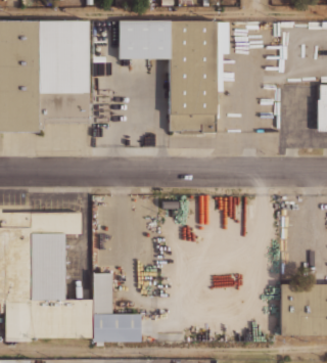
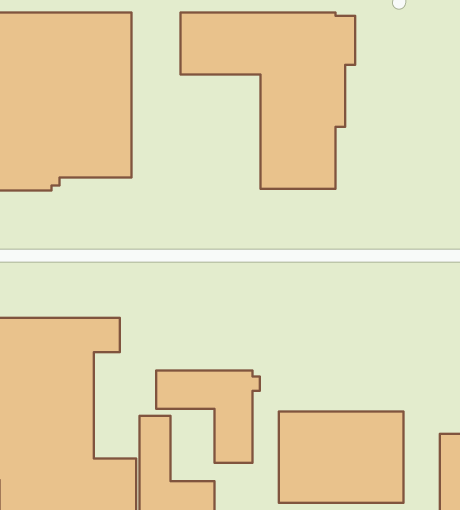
building: none -> [156,371,260,463]
building: none -> [279,412,403,503]

